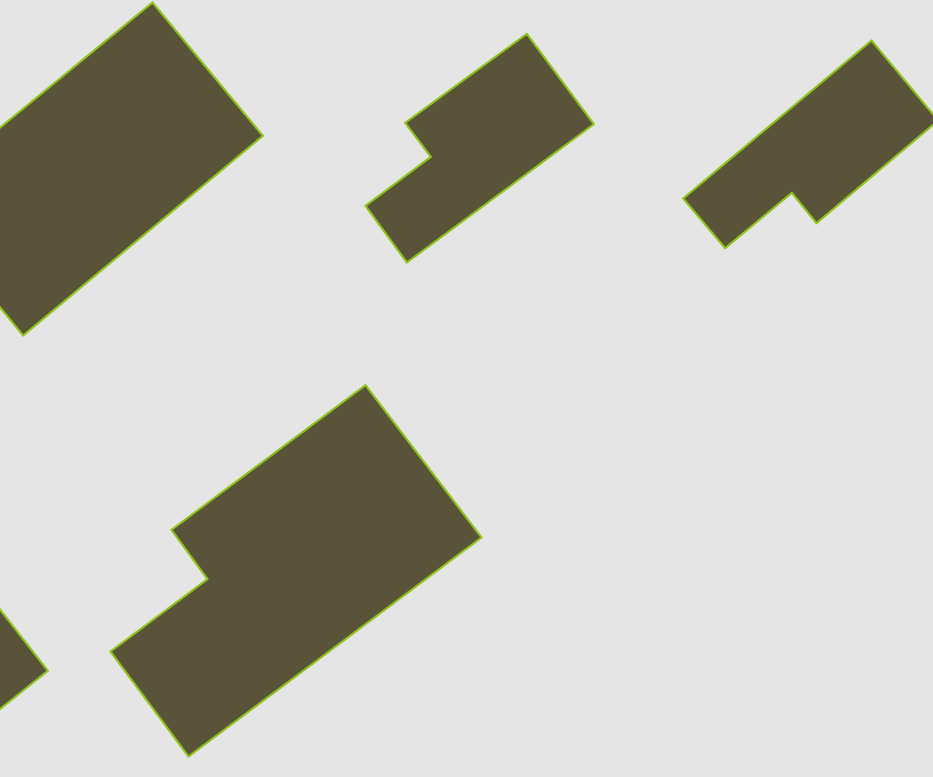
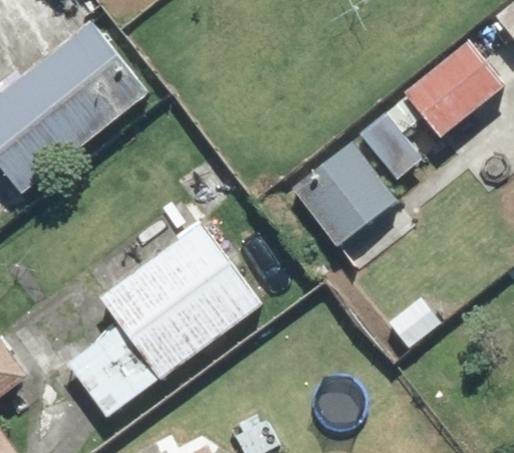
building: [365,34,594,262] -> none
building: none -> [289,140,403,252]

